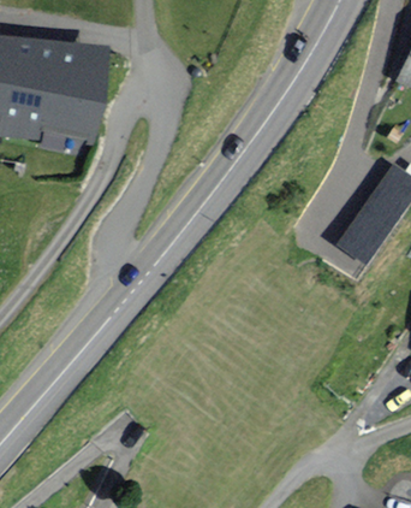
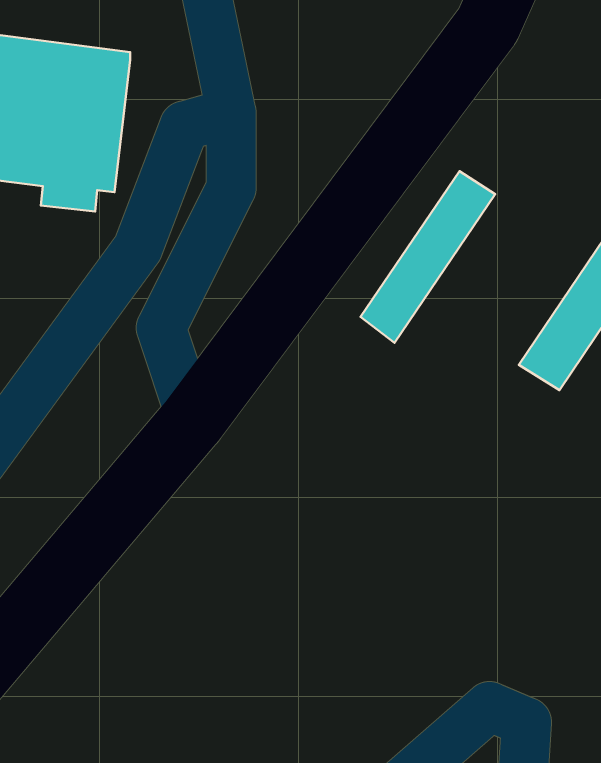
building: none -> [360,171,495,343]

